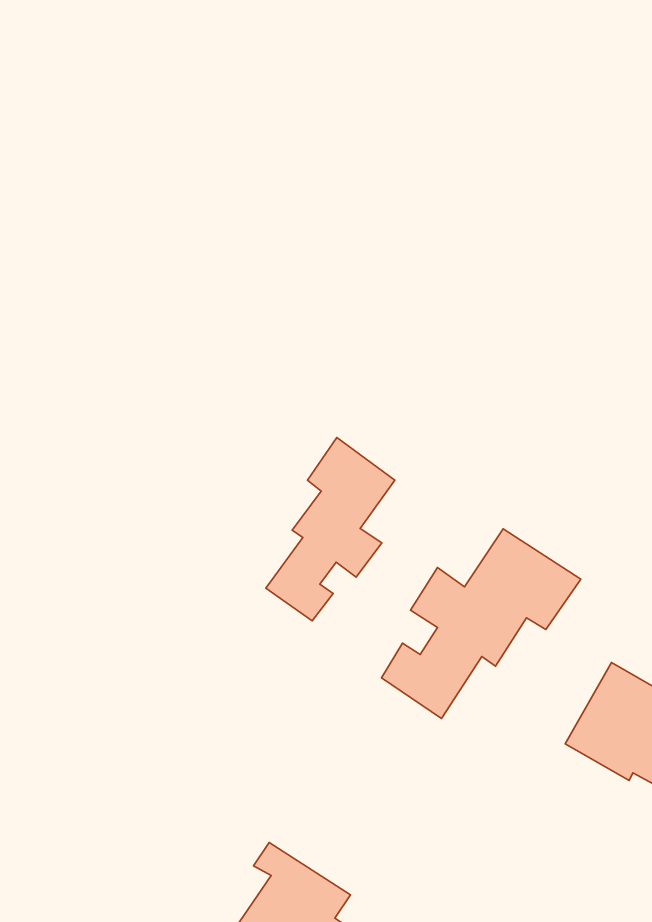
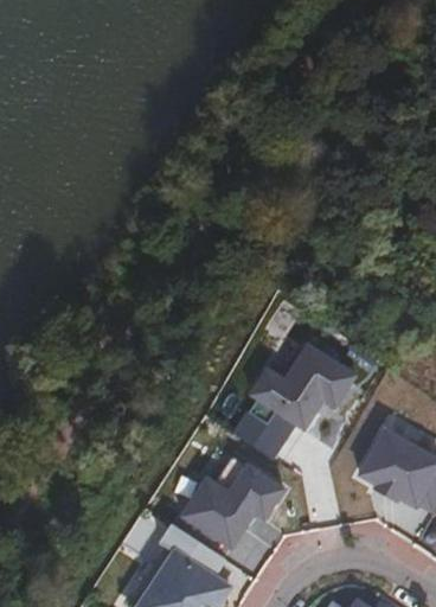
building: [266,437,395,621] -> none
building: none -> [180,461,282,544]

